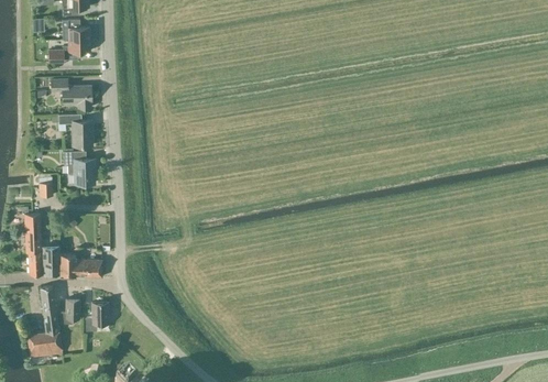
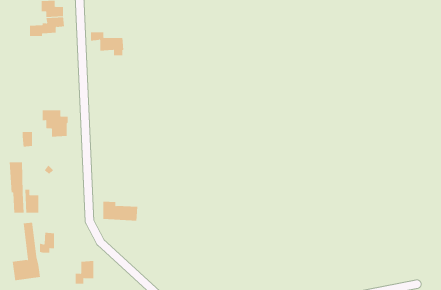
building: [51,77,91,106] -> [90,32,124,56]
building: [52,111,92,143] -> none
building: [59,251,102,275] -> [102,201,138,221]
building: [85,299,108,328] -> [75,260,94,284]

